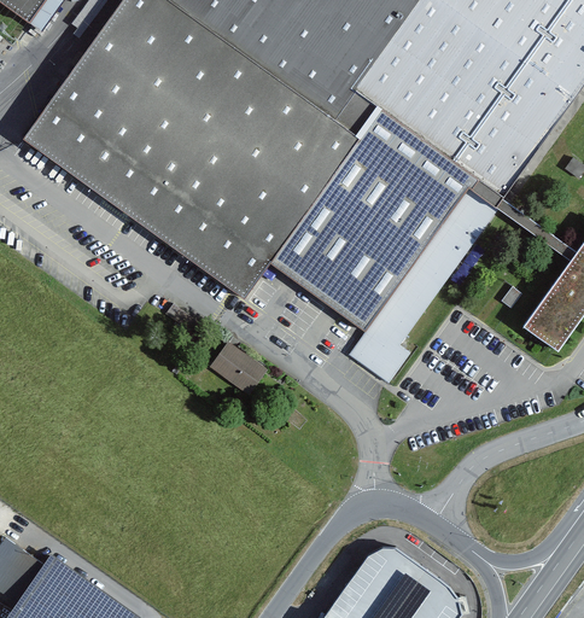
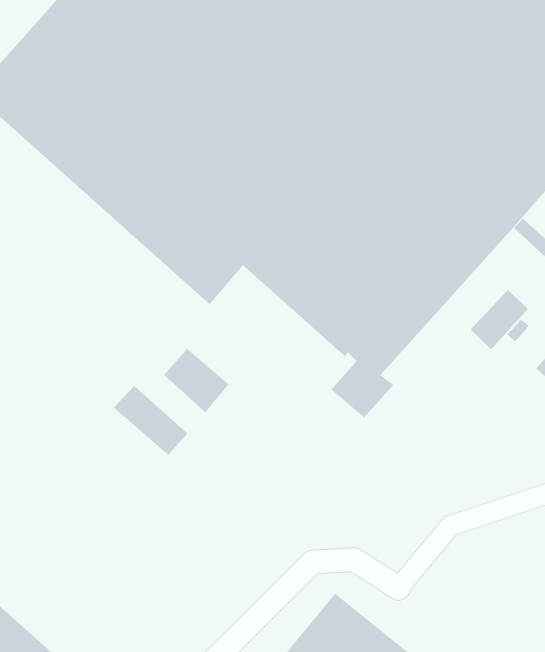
building: none -> [470,289,529,350]
building: none -> [113,385,188,456]

